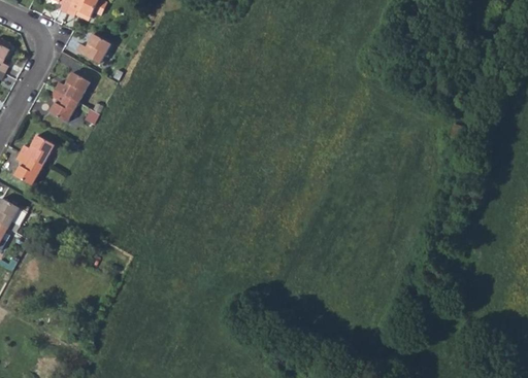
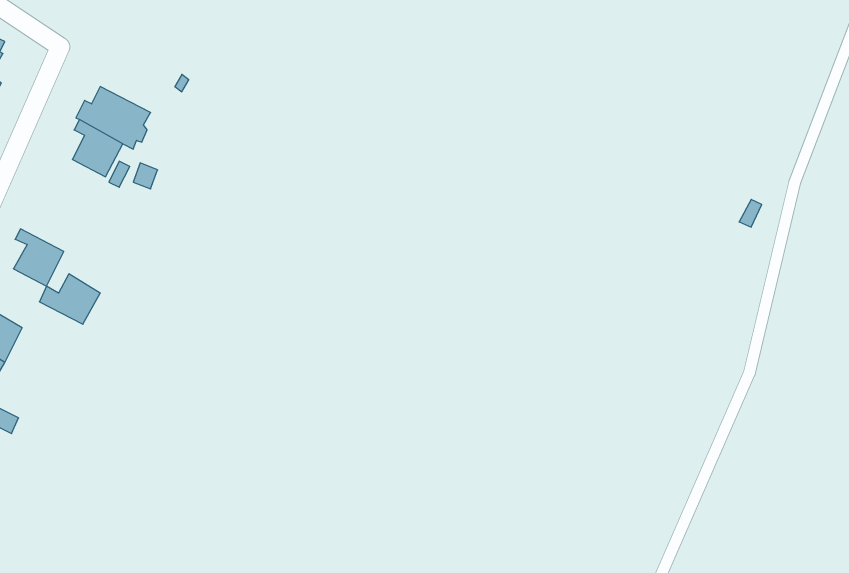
building: [74,32,110,61] -> none
building: [18,136,54,166] -> [39,274,100,324]

